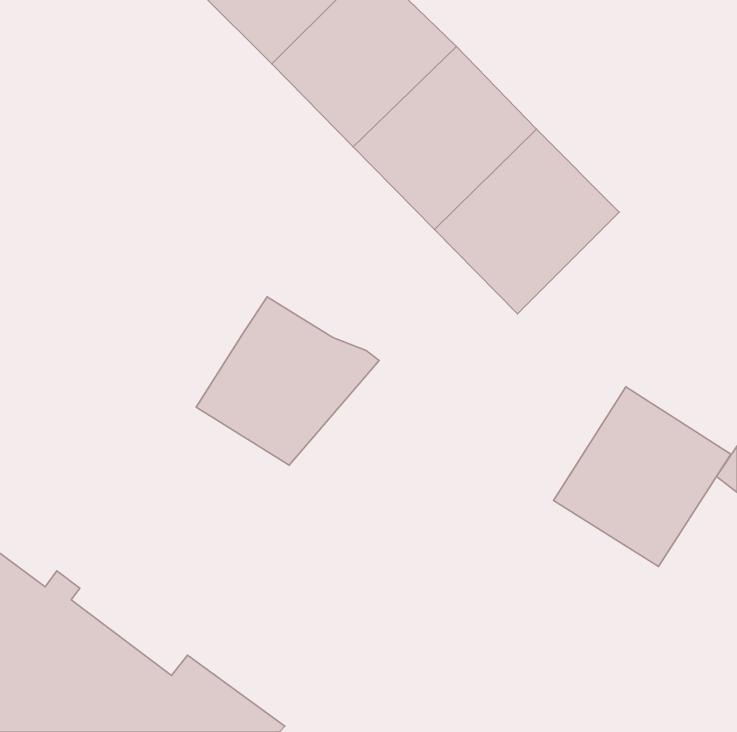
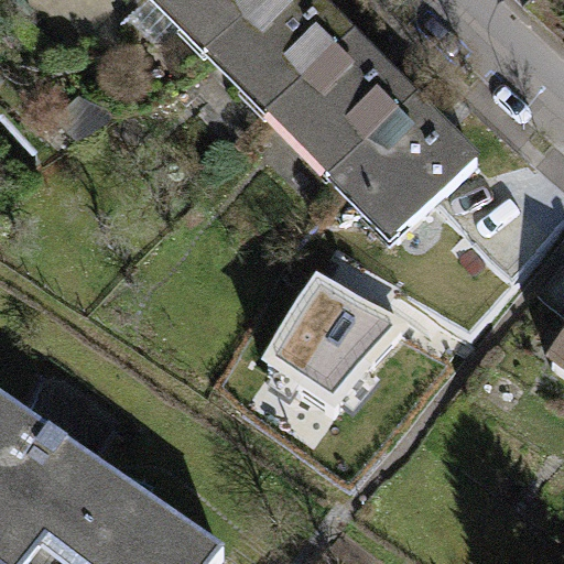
building: [196,297,379,465] -> [262,282,401,410]
building: [554,387,731,567] -> none

